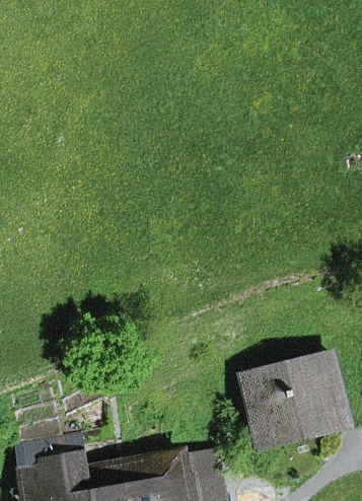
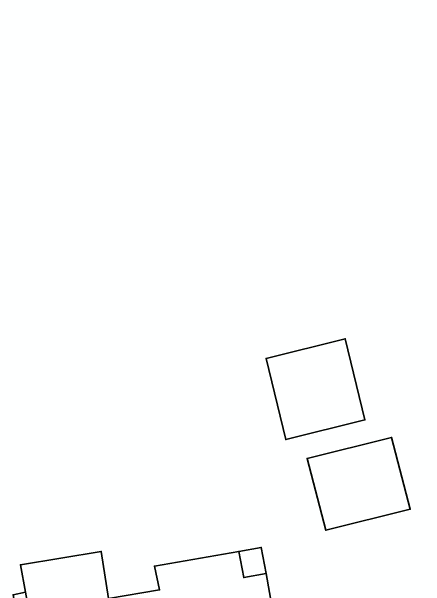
building: none -> [266,339,365,440]

